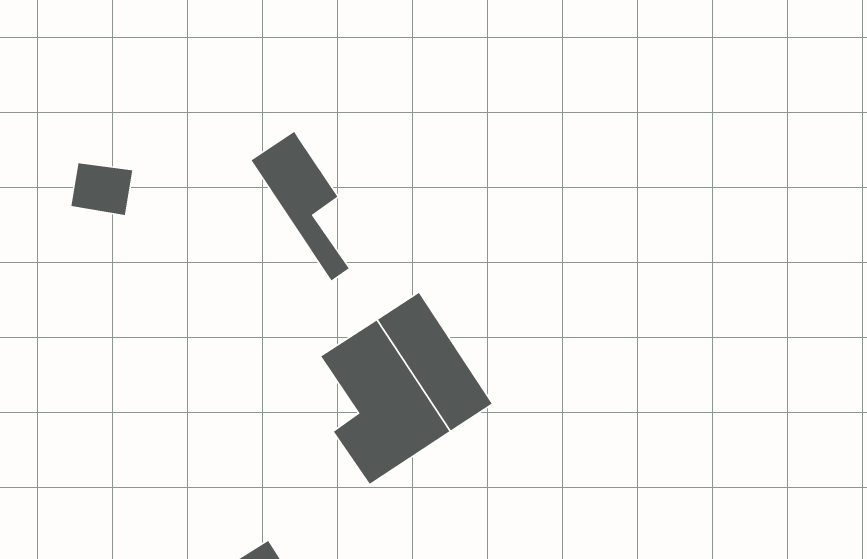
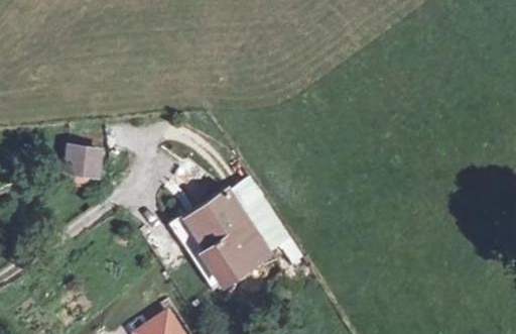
building: [250,131,350,281] -> [169,206,224,289]
building: [71,163,133,216] -> [67,145,101,175]

